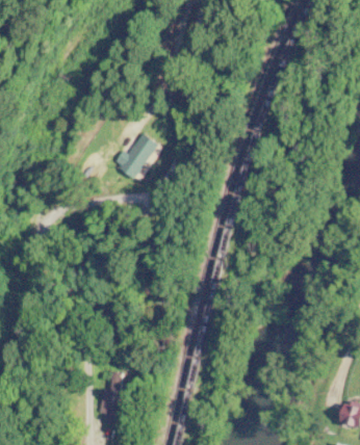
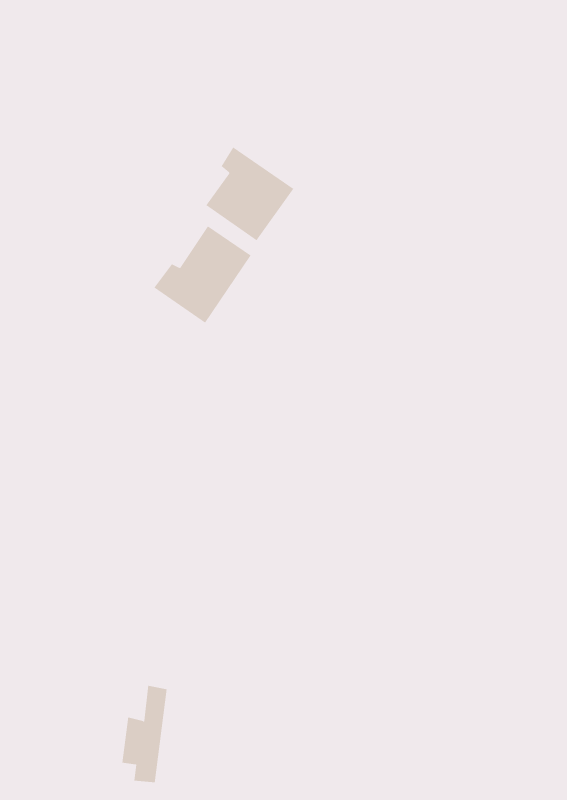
building: none -> [205,146,294,241]

